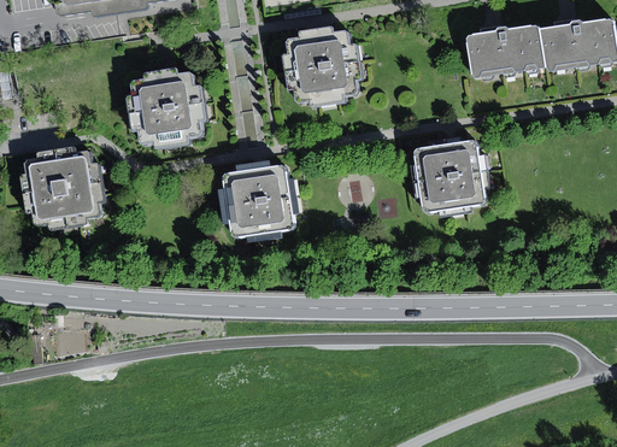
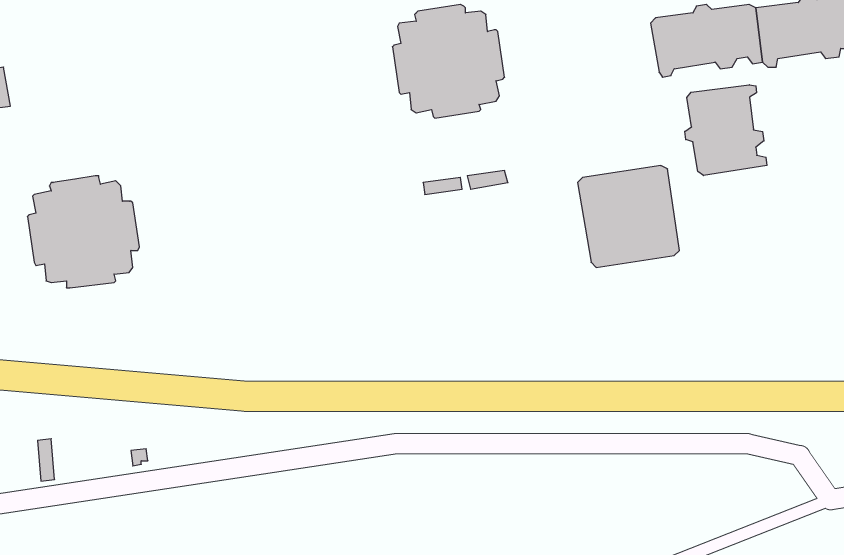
building: [127,66,207,146] -> none
building: none -> [685,85,767,176]
building: [222,164,294,236] -> none

